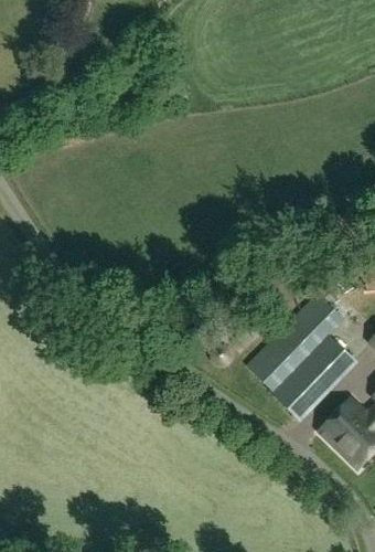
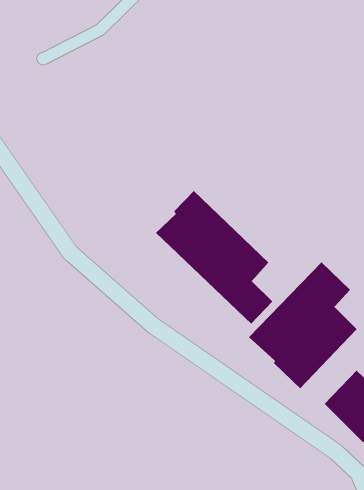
building: none -> [155,190,273,324]

